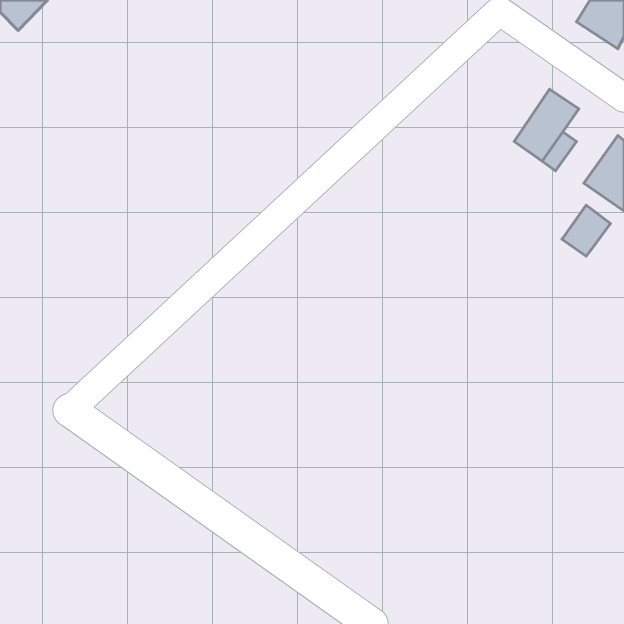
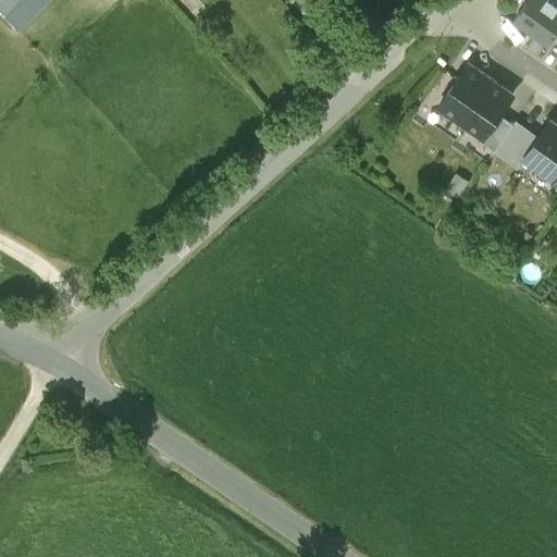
building: none -> [435,64,490,126]
building: [562,205,611,256] -> [494,123,537,169]

